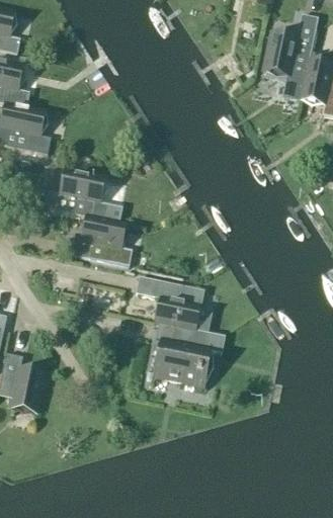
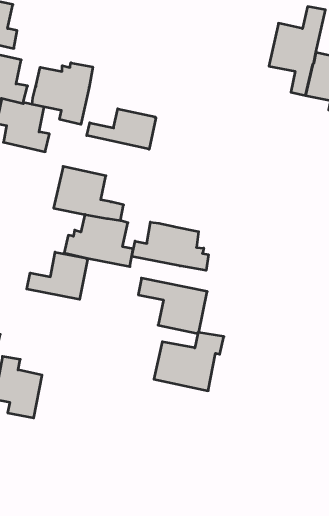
building: none -> [32,63,93,124]
building: none -> [87,109,156,149]
building: none -> [132,222,208,270]
building: none -> [27,252,87,299]

